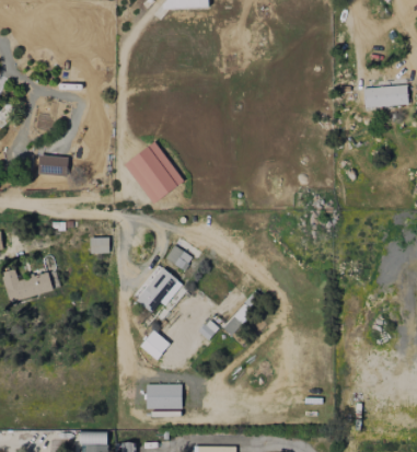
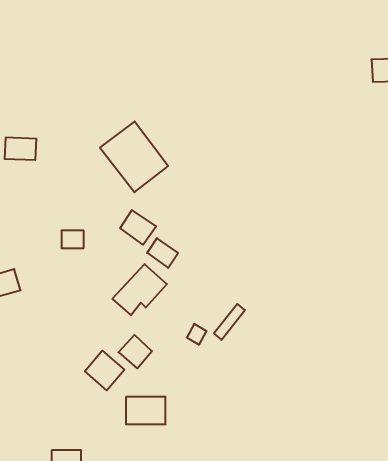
building: none -> [120,210,156,245]
building: none -> [85,351,124,390]

